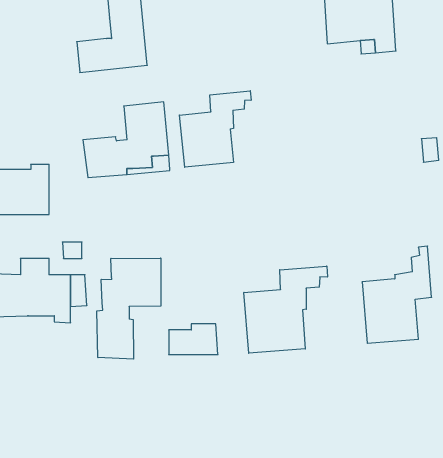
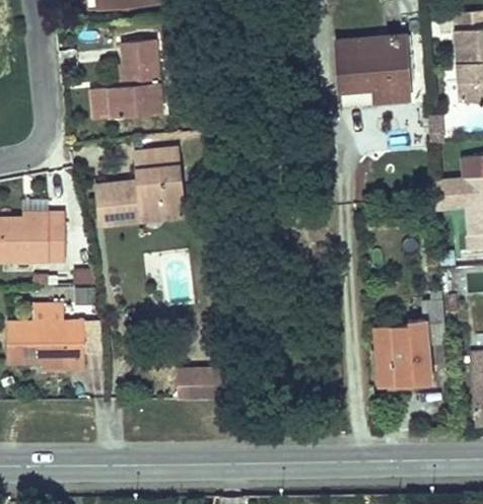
building: [179,91,251,167] -> none
building: [97,258,161,359] -> none
building: [244,266,327,353] -> none

